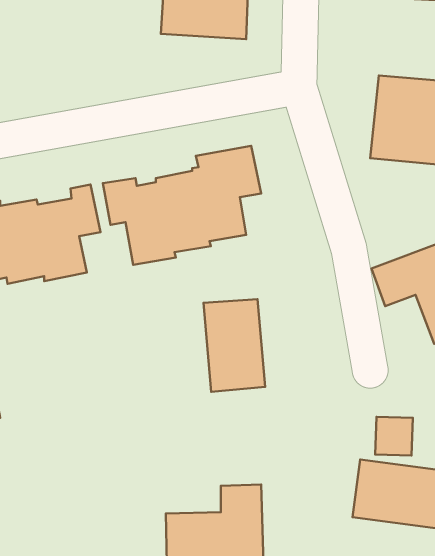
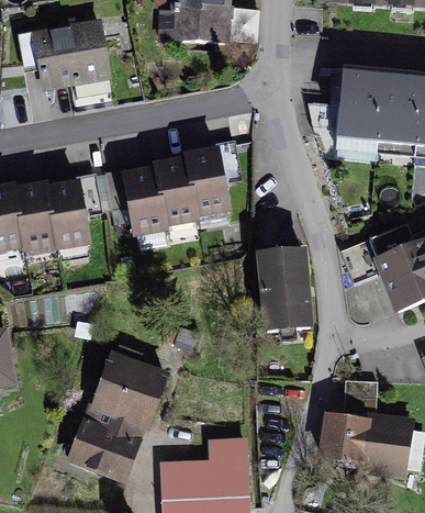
building: none -> [32,20,107,83]
building: [204,299,265,392] -> [257,247,311,328]
building: none -> [65,352,171,487]

